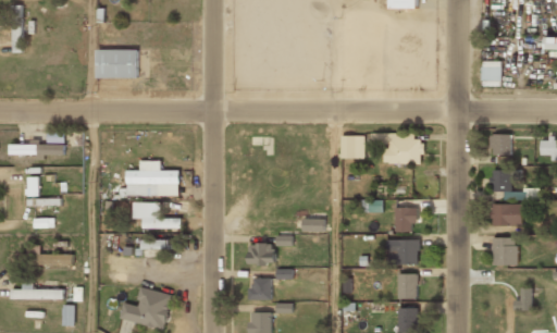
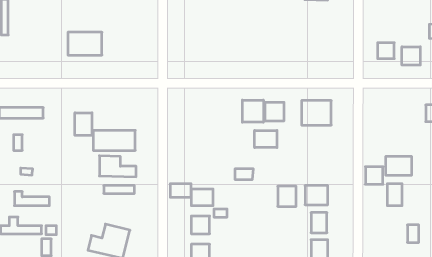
building: none -> [402,47,420,65]
building: none -> [242,100,263,122]
building: [490,134,510,156] -> none
building: none -> [75,113,92,135]
building: [490,170,511,192] -> [365,167,383,184]
building: none -> [255,130,277,148]
building: [394,207,417,232] -> [278,186,296,206]
building: none -> [170,184,191,197]

